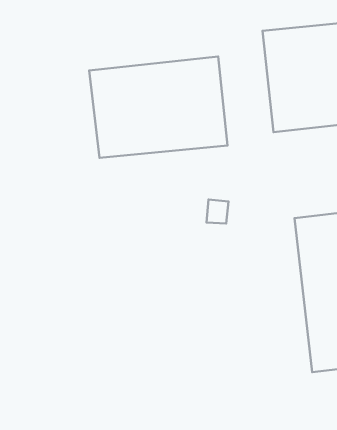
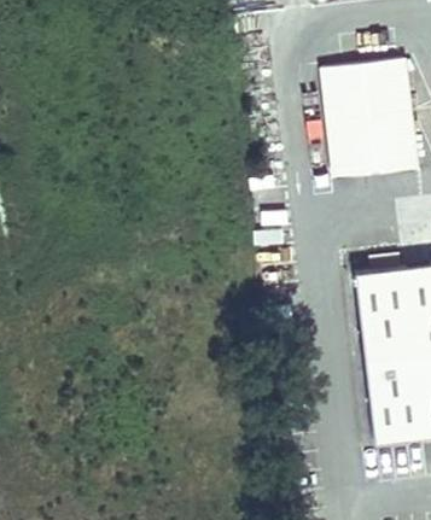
building: [89,57,227,158] -> none

